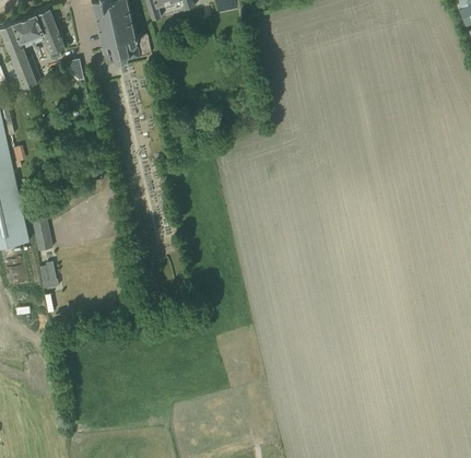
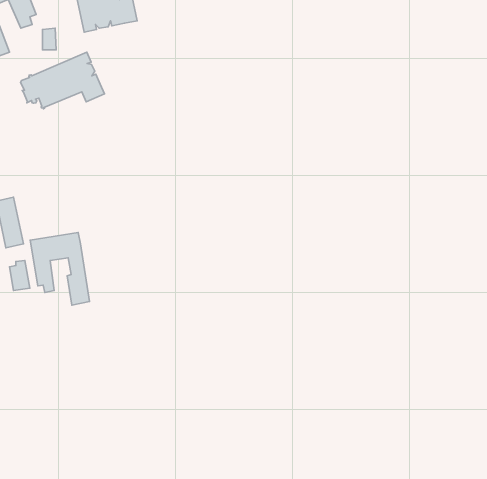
building: none -> [20,52,104,109]
building: none -> [30,233,90,305]

